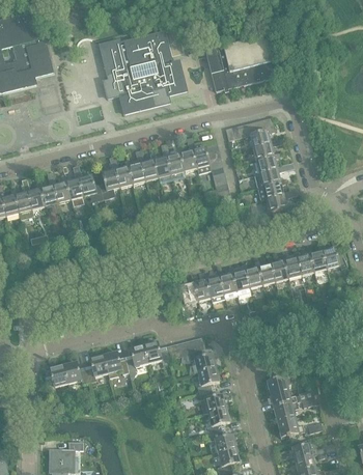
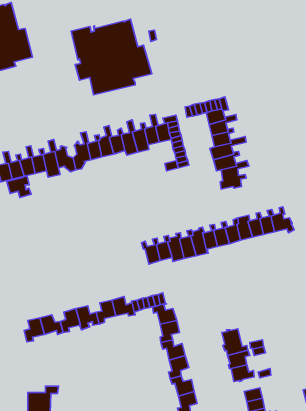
building: [205,34,277,90] -> none
building: none -> [7,176,31,198]

